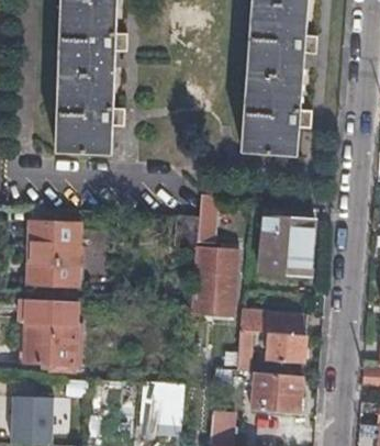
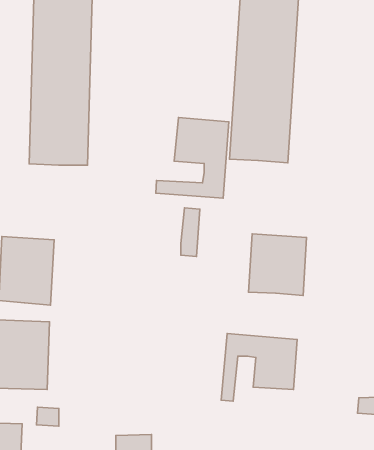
building: none -> [156,117,229,198]
building: [191,247,235,313] -> none
building: [252,373,300,414] -> none

